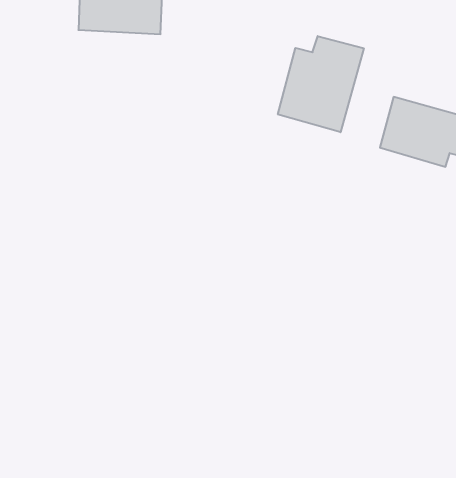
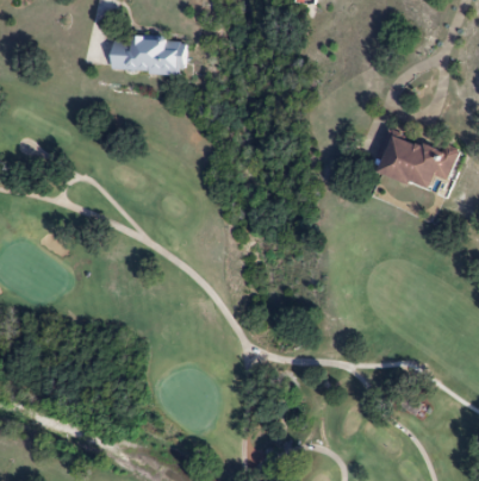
building: [278,36,364,132] -> none

